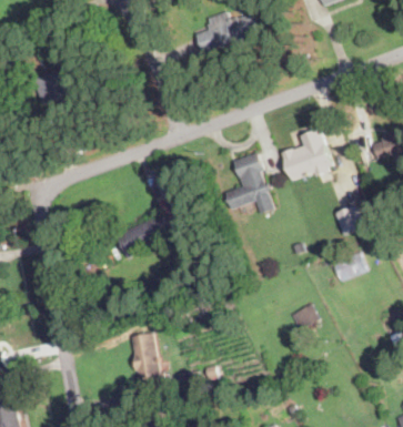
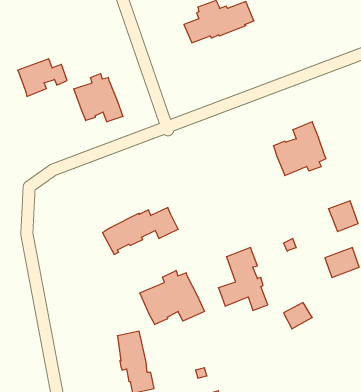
building: none -> [74,74,123,122]
building: [225,152,273,213] -> [218,248,268,311]
building: none -> [140,270,205,325]

